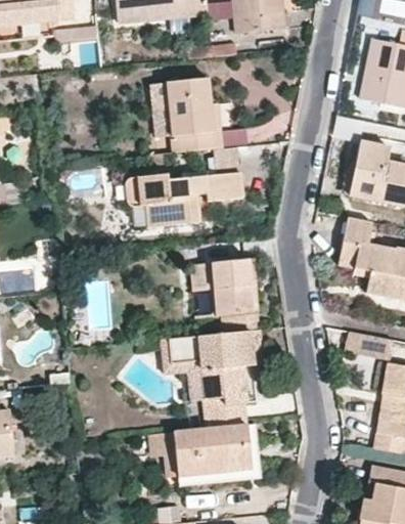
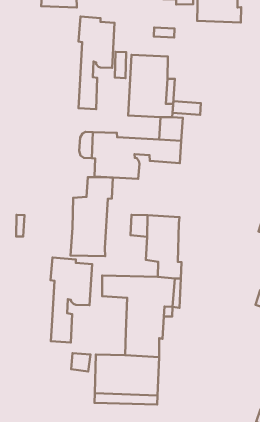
building: none -> [79,17,115,109]
building: none -> [70,177,113,256]
building: none -> [50,258,92,342]

